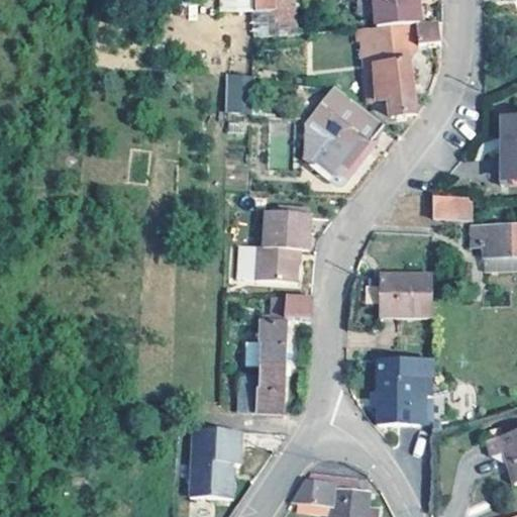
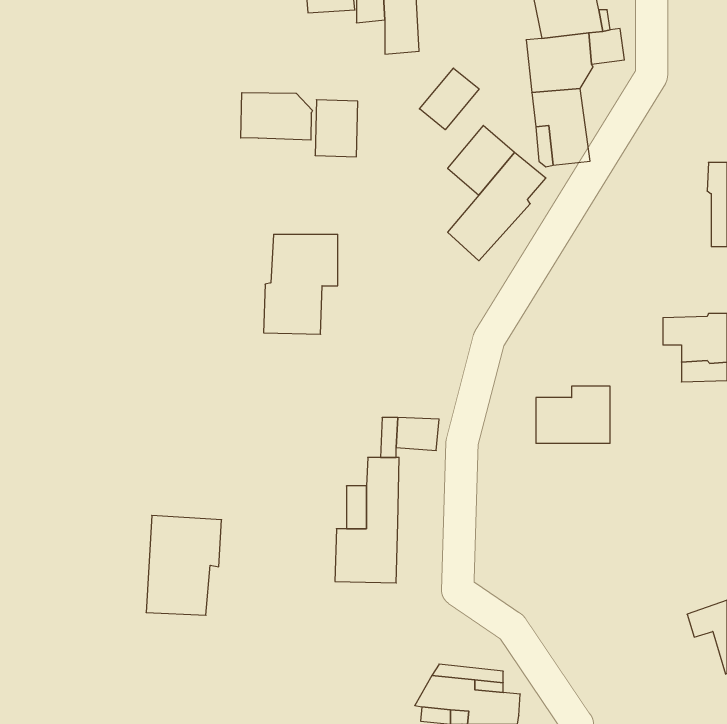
building: none -> [419,68,479,130]
building: none -> [241,93,312,140]
building: [308,119,339,165] -> none
building: [432,194,470,218] -> none
building: [253,211,306,282] -> [264,234,338,334]
building: [376,358,447,420] -> none
building: [189,430,242,501] -> [146,515,222,615]

